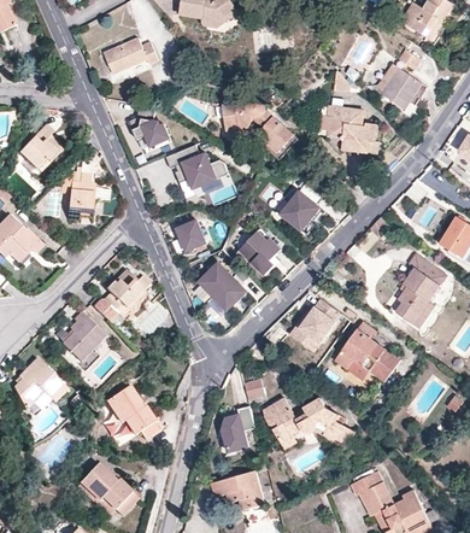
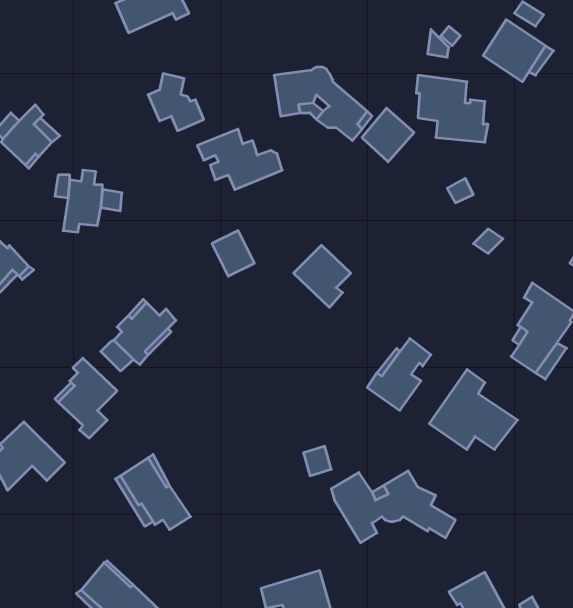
building: [278,191,317,230] -> [362,108,414,162]
building: [195,260,243,309] -> none
building: [223,405,255,452] -> none

